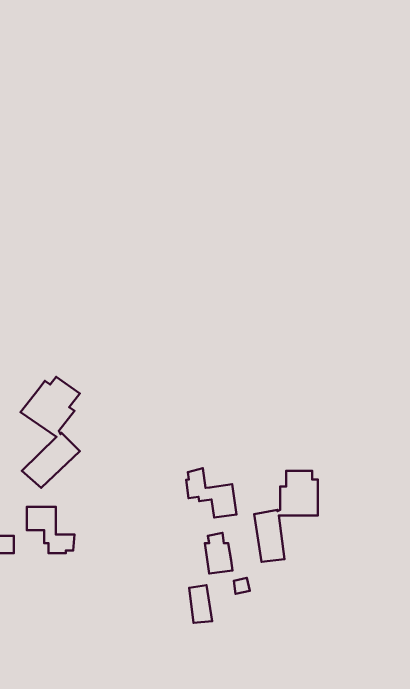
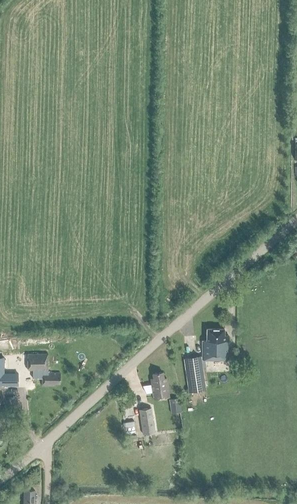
building: [21,377,80,488] -> none
building: [186,468,236,518] -> none

